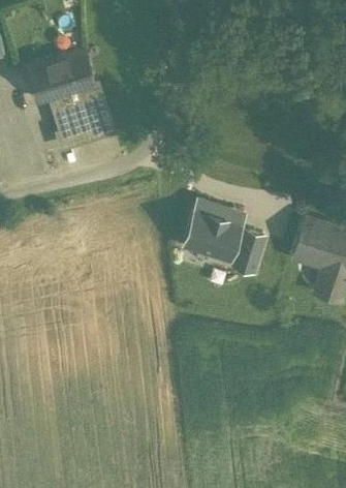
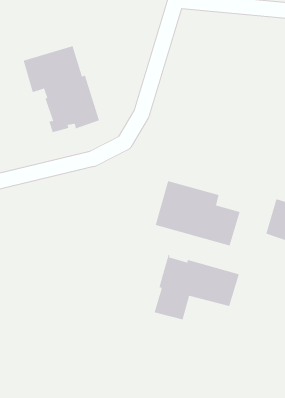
building: none -> [154,254,239,321]

